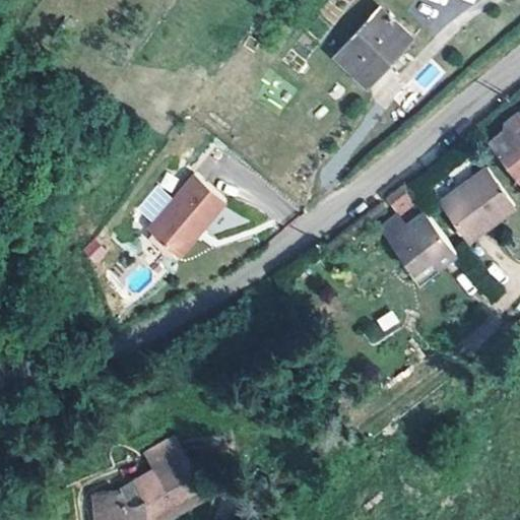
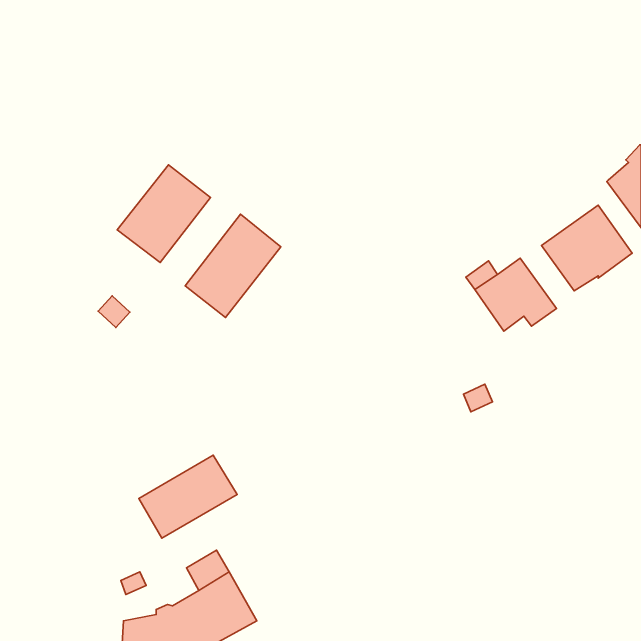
building: [339,9,410,83] -> none
building: none -> [117,165,211,262]
building: none -> [139,455,237,538]

